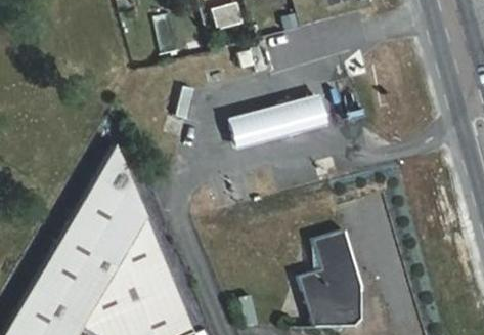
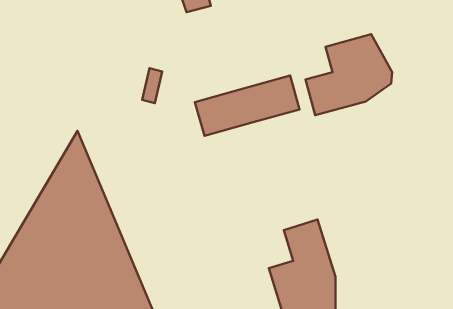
building: none -> [305,34,392,115]

